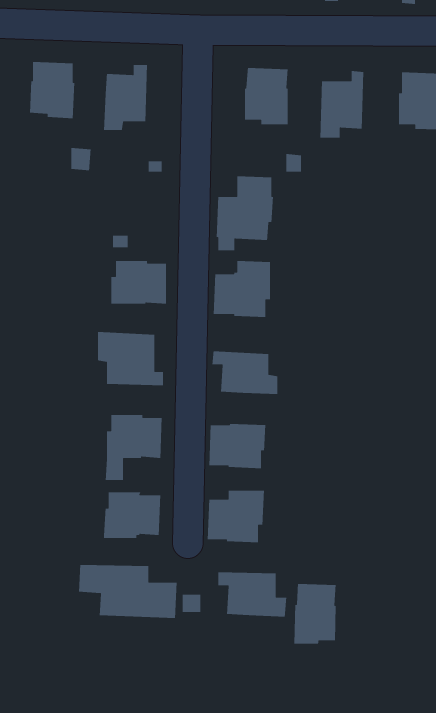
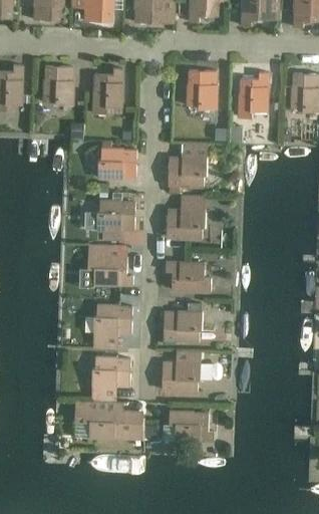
building: none -> [97,148,136,178]
building: [294,583,337,644] -> none

